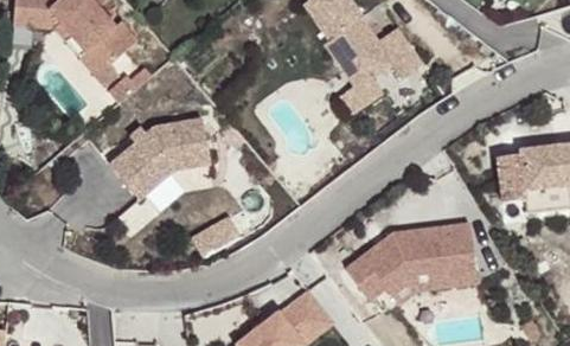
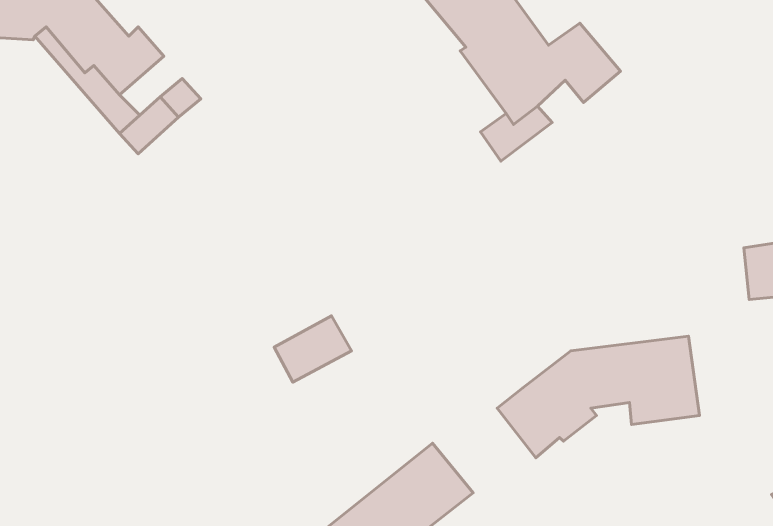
building: [113,120,212,201] -> none
building: [390,264,479,303] -> none

